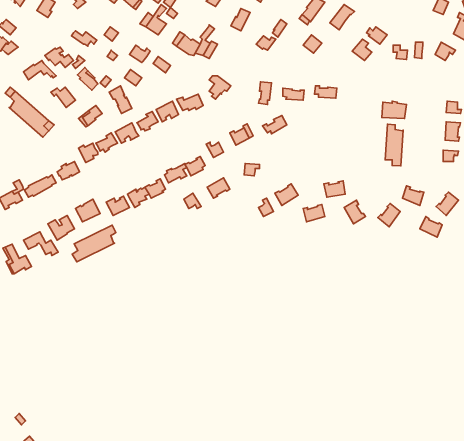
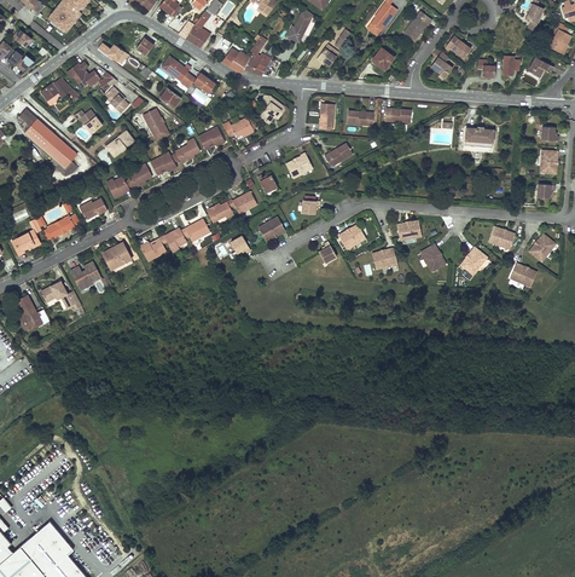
building: [385,124,403,166] -> none
building: [72,225,116,262] -> none

